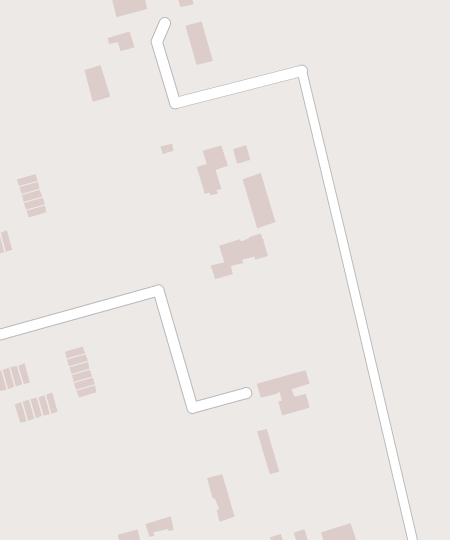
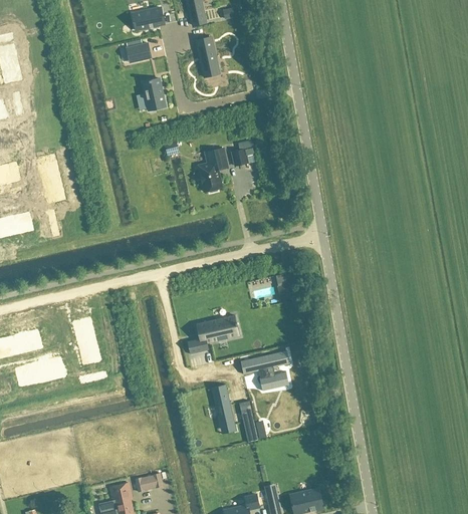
building: [83,64,111,102] -> [143,77,166,110]
building: [242,172,276,229] -> none
building: [210,233,269,280] -> [188,314,240,353]
building: [206,473,236,522] -> [211,383,235,427]

